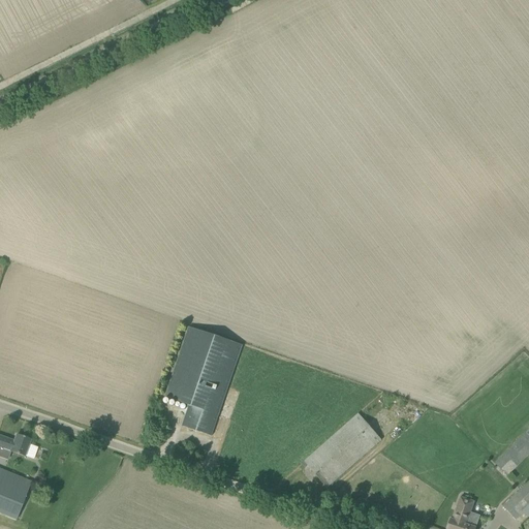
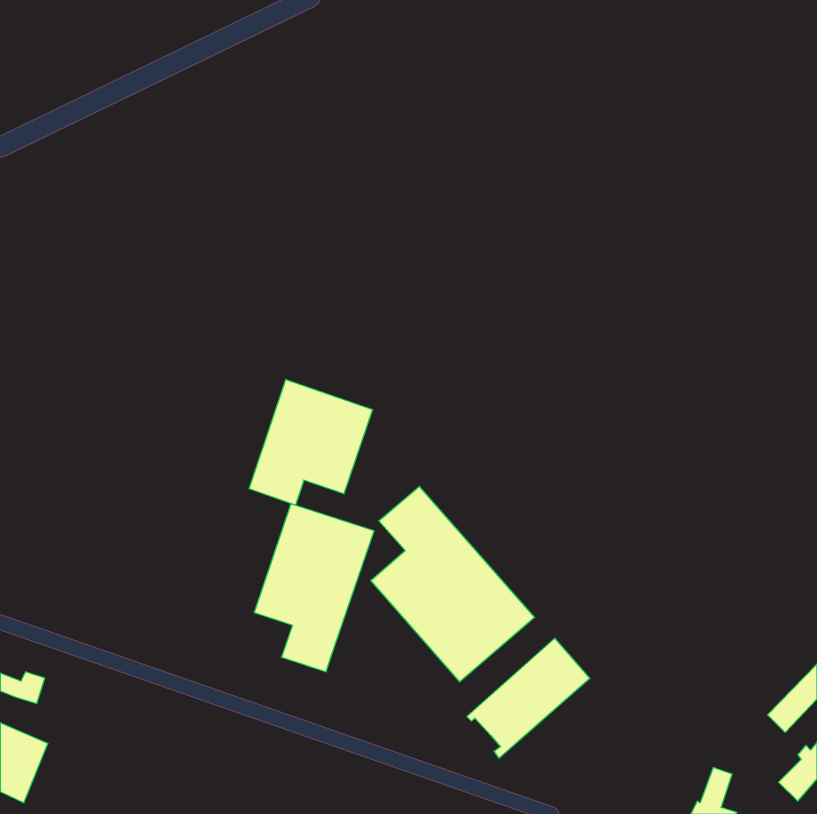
building: none -> [249,379,372,505]
building: none -> [371,486,535,682]

